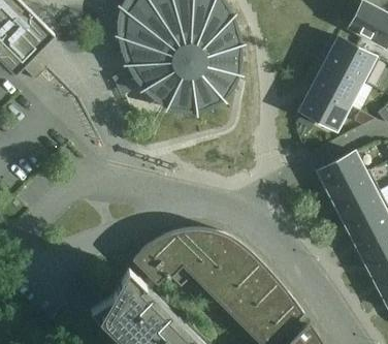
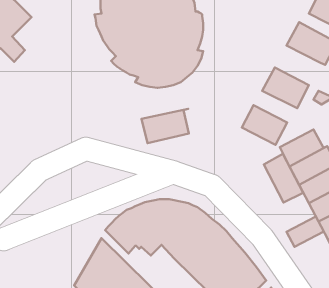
building: [312,63,360,105] -> [242,105,287,145]
building: none -> [142,109,189,143]
building: none -> [264,154,303,202]
building: none -> [286,217,324,247]

